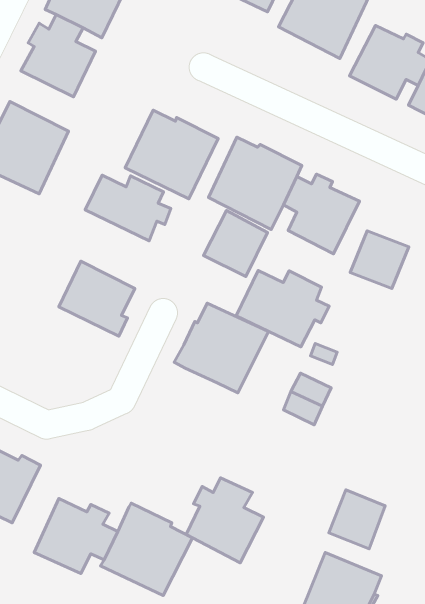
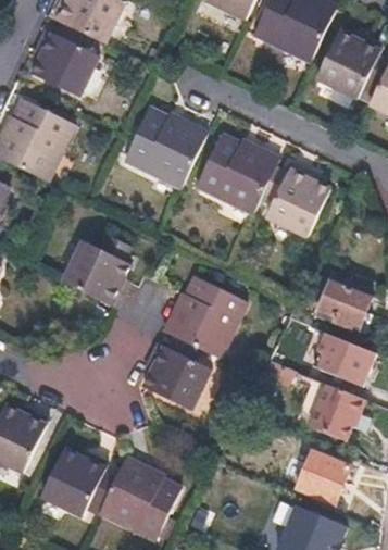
building: [85,175,171,241] -> none
building: [204,210,268,277] -> none
building: [350,231,409,289] -> [321,275,373,326]
building: [236,270,329,347] -> none
building: none -> [321,332,375,383]
building: none -> [312,380,367,438]
building: [186,478,264,563] -> [143,336,212,411]

